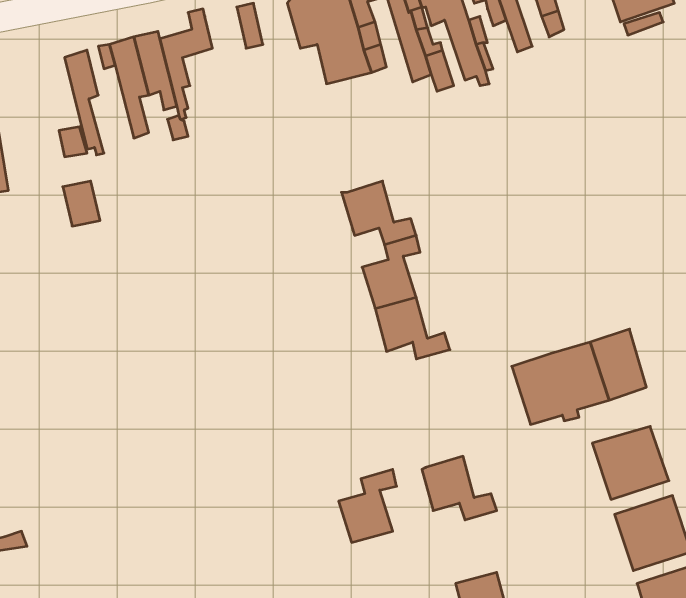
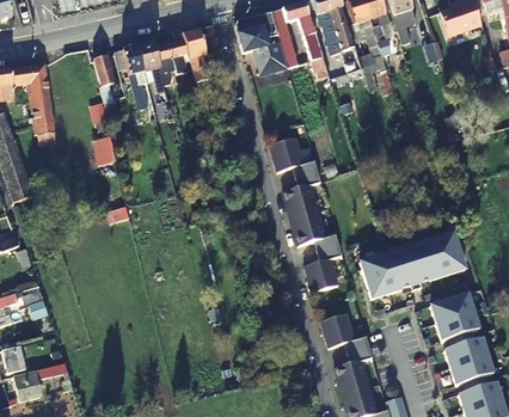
building: none -> [183,29,208,102]
building: none -> [305,245,342,293]
building: none -> [360,256,391,299]
building: [339,469,397,542] -> [335,348,372,394]

